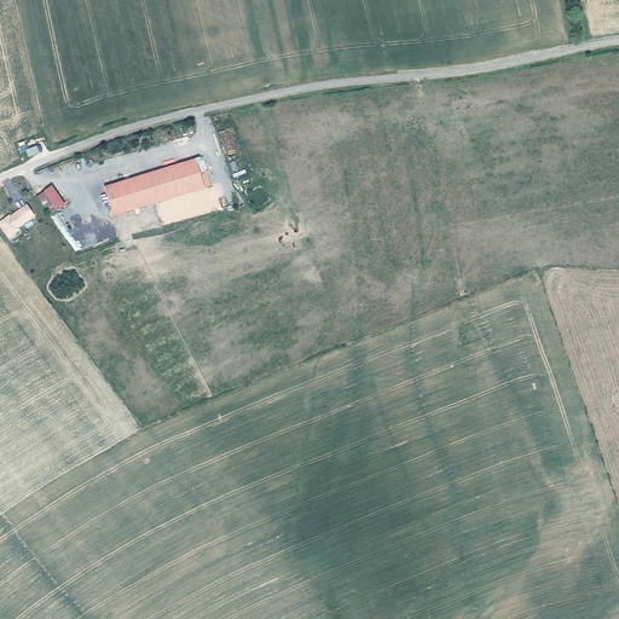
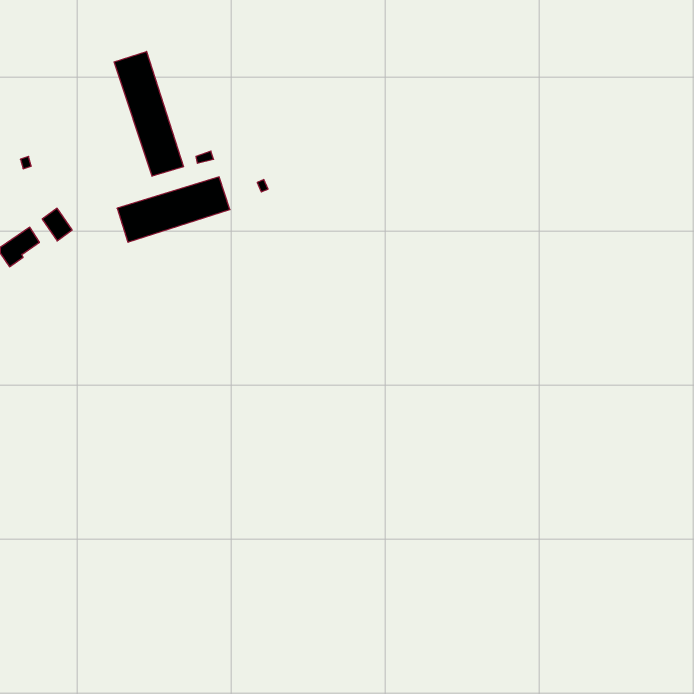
building: none -> [114,51,184,176]

